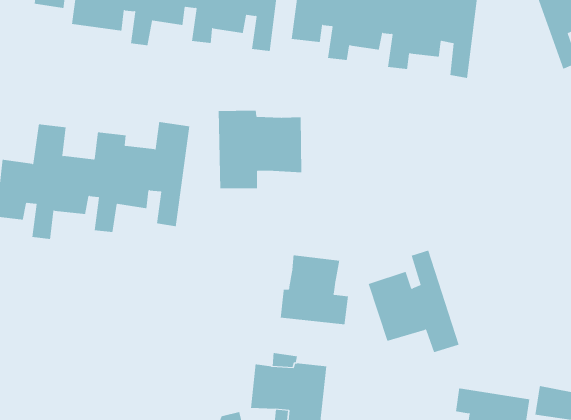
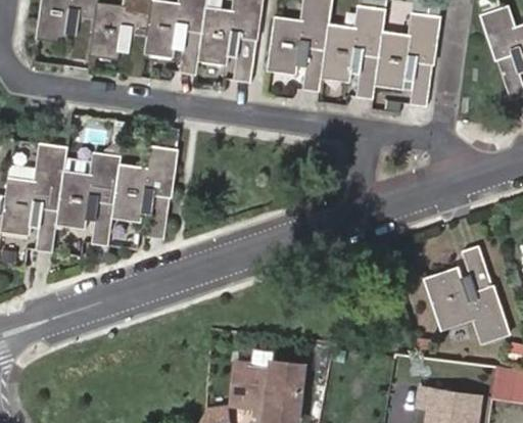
building: [218,110,302,189] -> none
building: [368,250,459,353] -> [424,245,507,338]
building: [280,255,348,325] -> none

